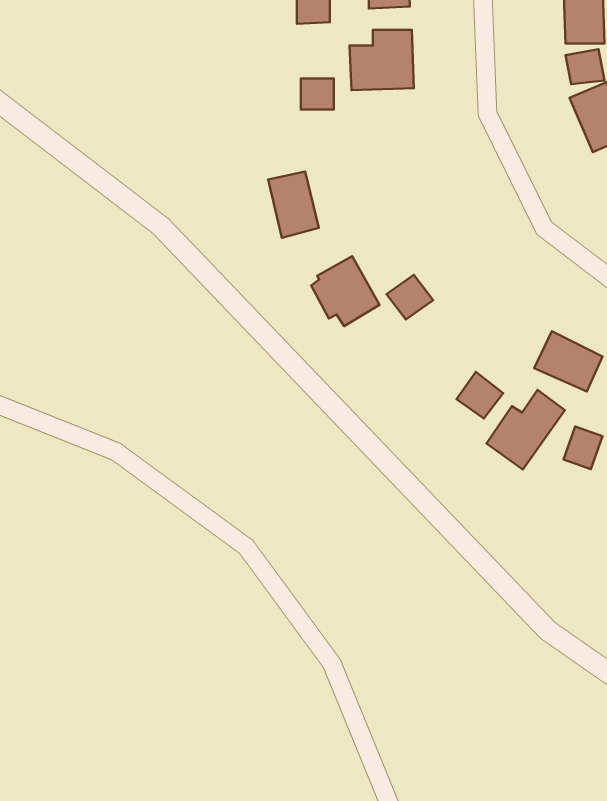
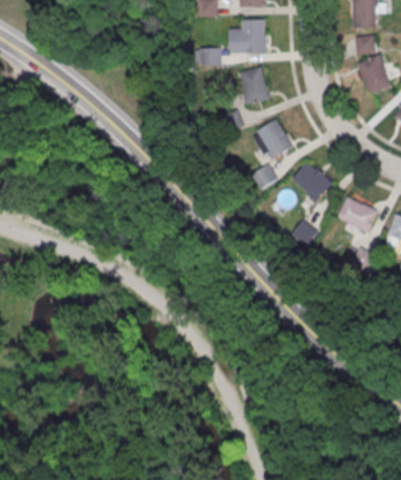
building: [268,172,319,238] -> [238,65,267,102]
building: [311,256,379,326] -> [252,117,291,157]
building: none -> [291,159,331,198]
building: [486,390,565,469] -> none

